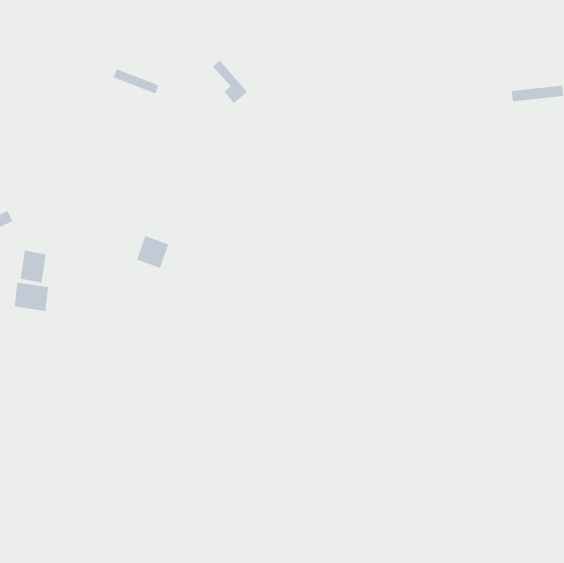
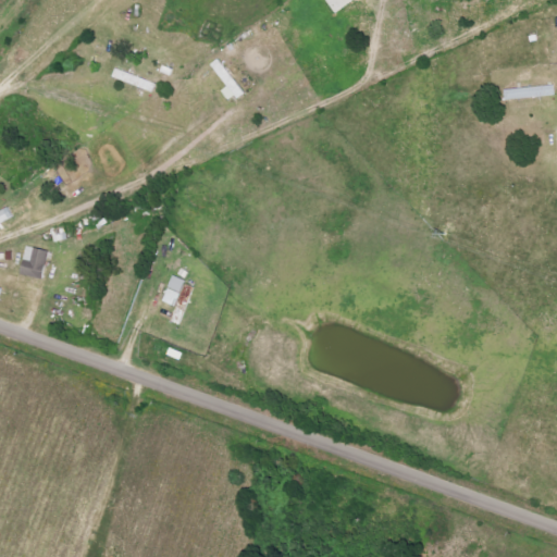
building: [136,235,169,269] -> [162,276,195,309]
building: [14,282,49,312] -> none

